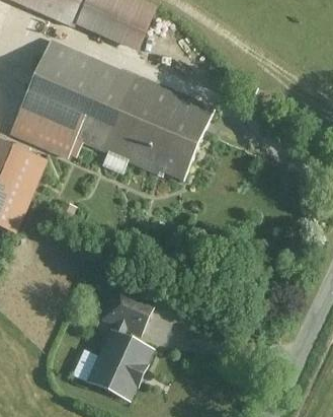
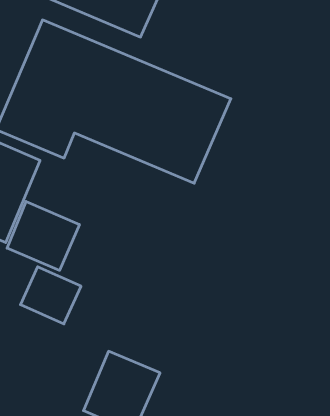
building: none -> [7,201,79,270]
building: [99,285,153,336] -> [20,267,81,324]

